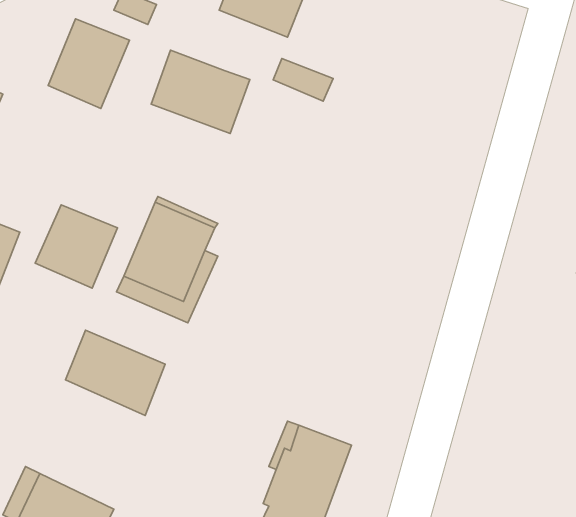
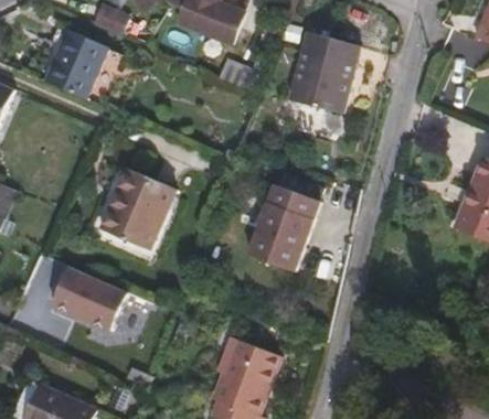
building: none -> [293,36,362,117]
building: [151,50,250,133] -> none
building: [35,205,118,288] -> none
building: none -> [248,187,319,273]

